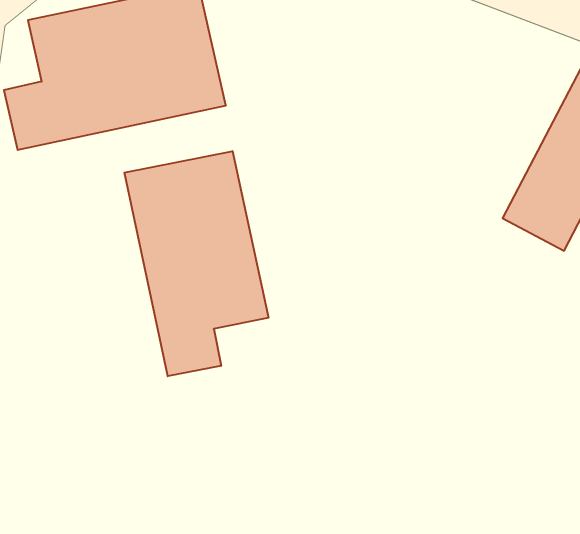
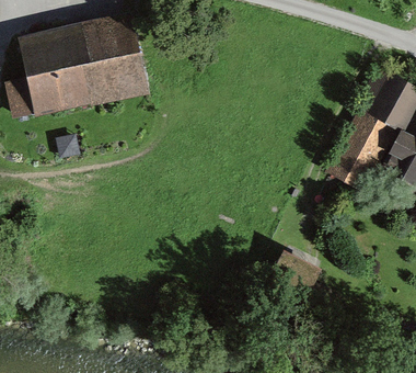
building: [124,151,268,376] -> none

